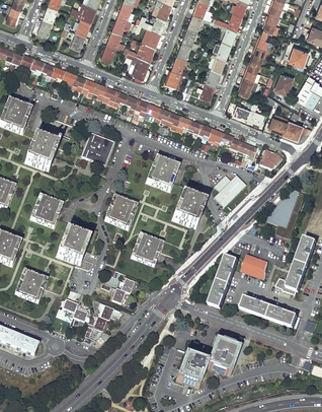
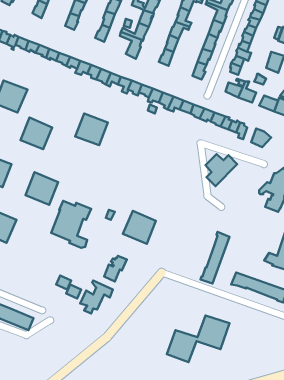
building: [146,158,179,191] -> none
building: [103,196,137,228] -> none
building: [172,196,206,228] -> none
building: [240,252,267,275] -> none
building: [14,270,48,302] -> none

